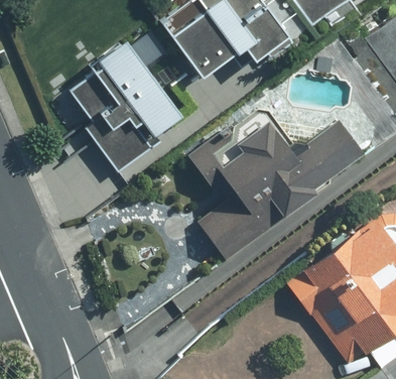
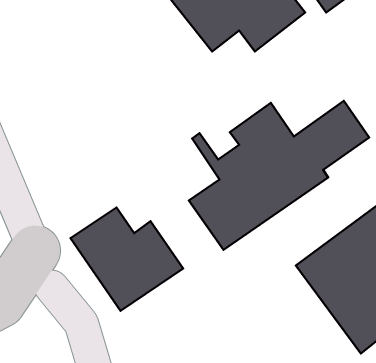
building: [64,36,184,165] -> none
building: none -> [71,208,183,311]

